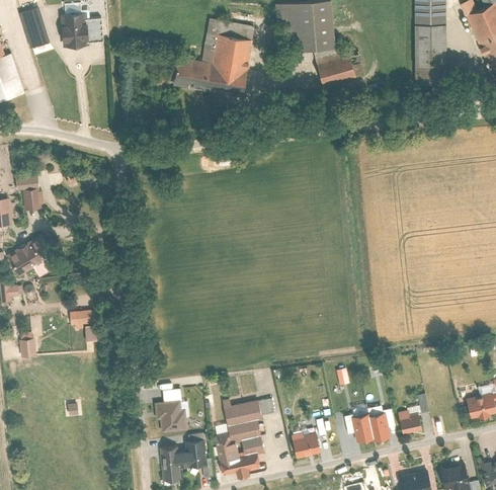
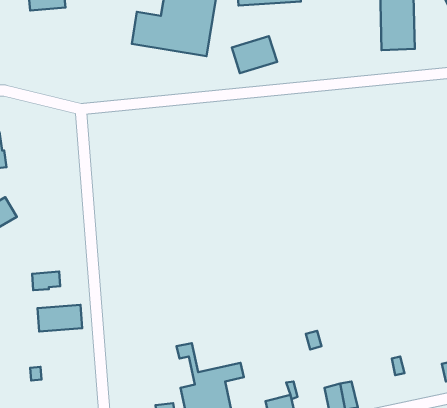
building: [314,50,358,86] -> [232,36,277,73]
building: none -> [37,305,82,331]
building: [158,389,191,431] -> none
building: [403,407,425,433] -> none

